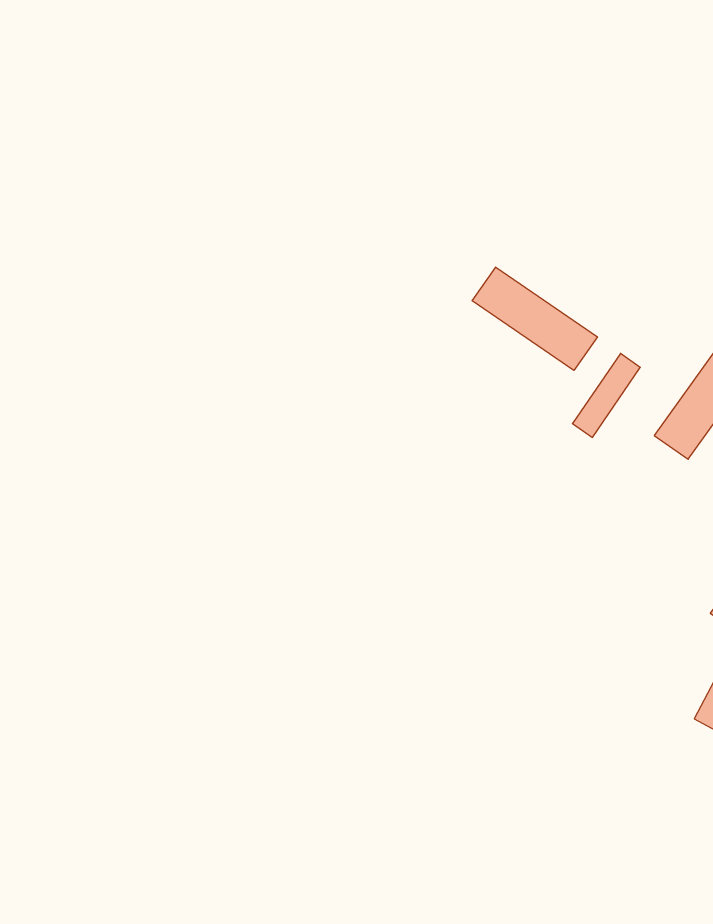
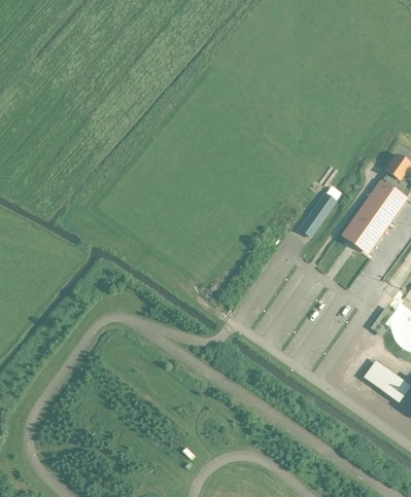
building: [472,267,597,370] -> none

